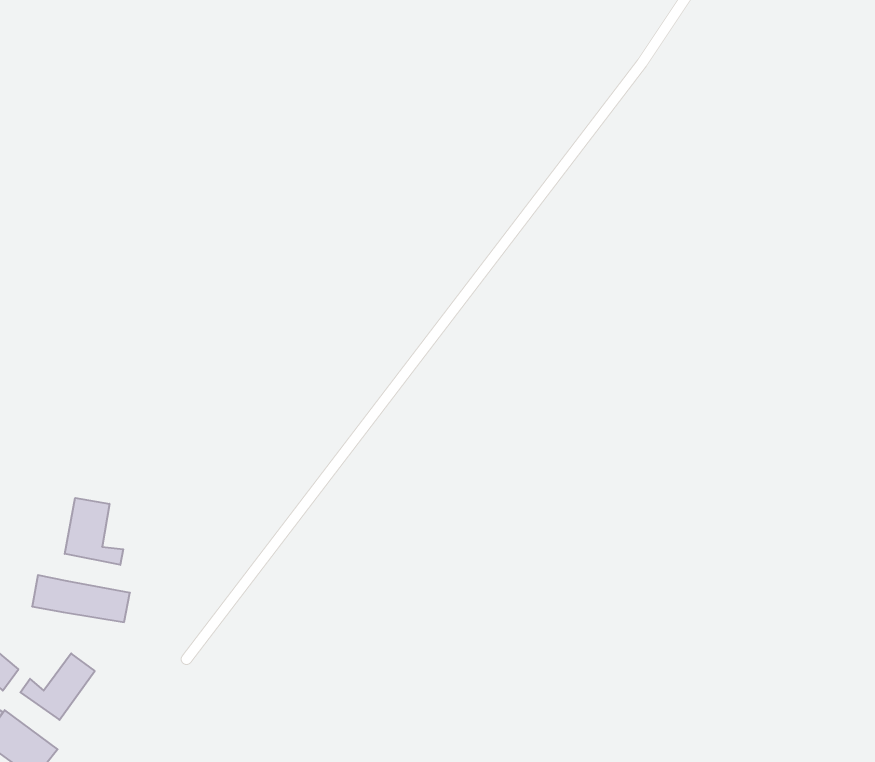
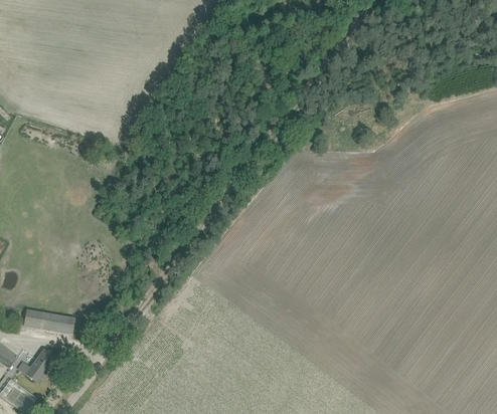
building: [65,498,123,565] -> none

